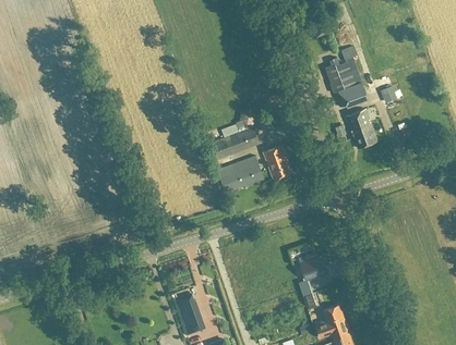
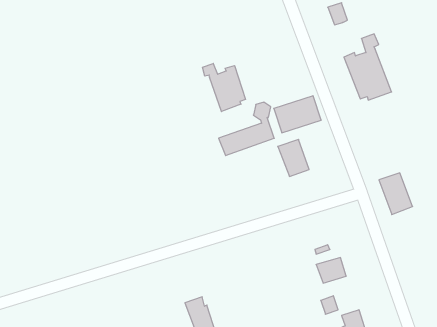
building: none -> [203,63,246,112]
building: [345,109,376,148] -> [379,173,413,215]
building: [217,157,262,192] -> [274,96,321,133]

